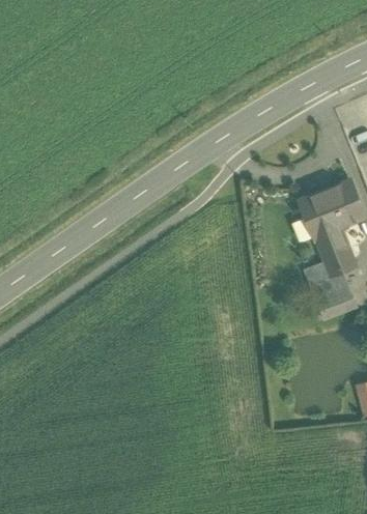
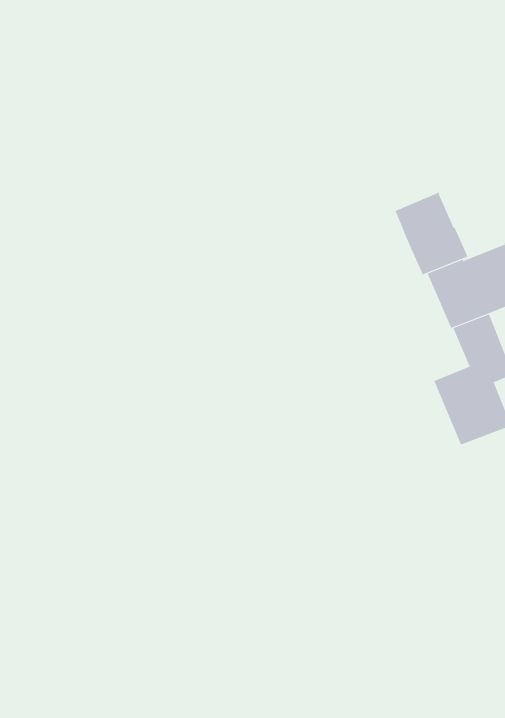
building: none -> [395,192,468,275]

